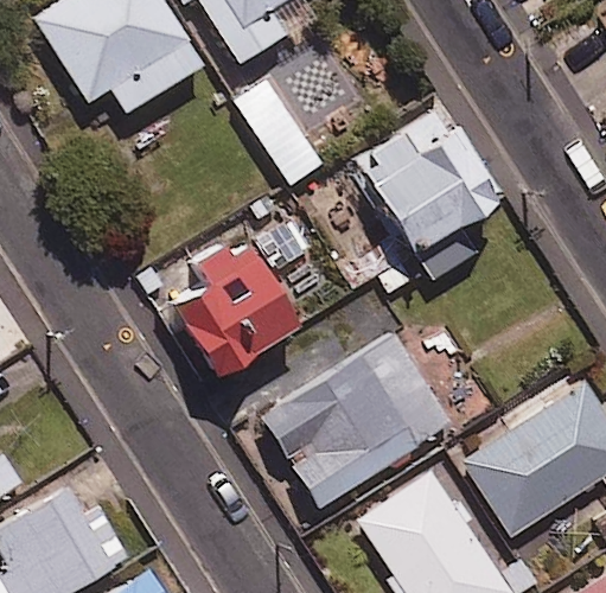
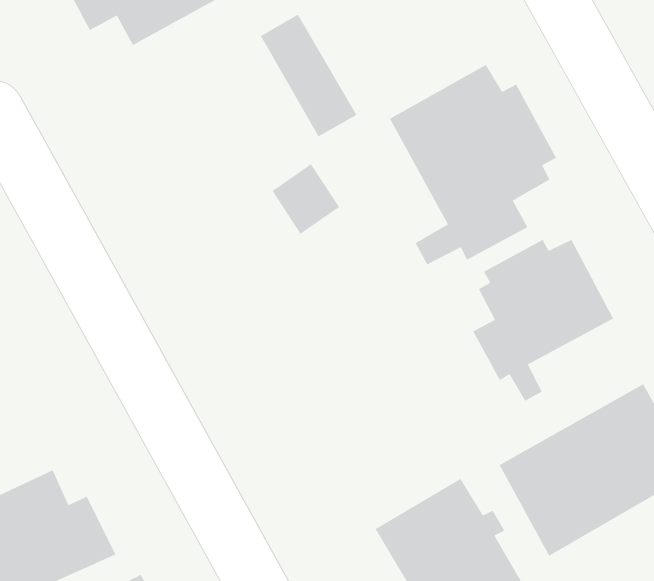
building: [165,246,300,387] -> none
building: none -> [472,239,614,402]
building: [253,330,454,515] -> none

